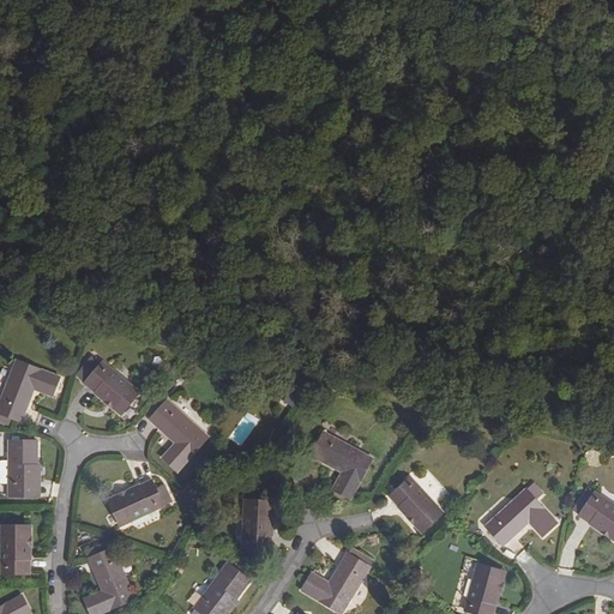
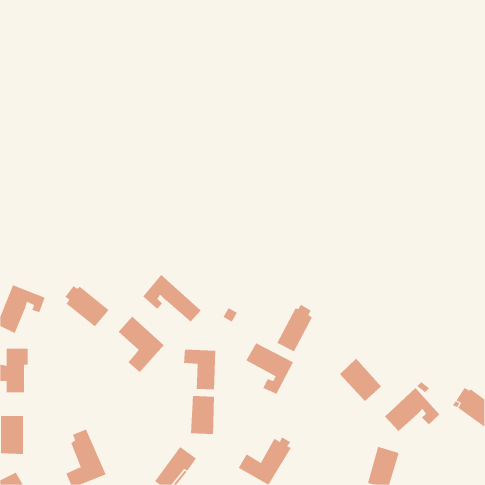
building: none -> [142,274,201,323]
building: none -> [276,304,313,352]
building: none -> [183,349,216,390]
building: [387,476,441,531] -> [339,358,382,402]
building: [107,478,168,525] -> none

